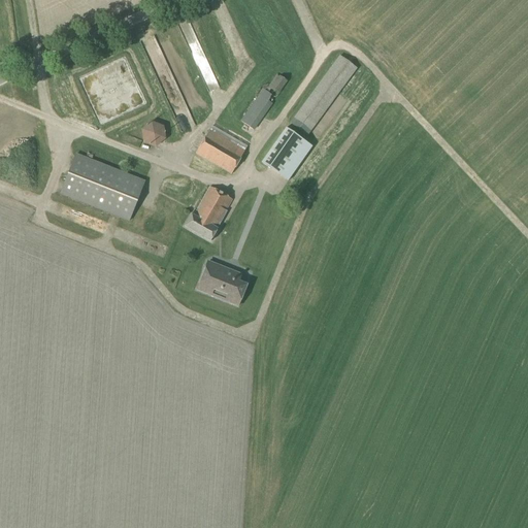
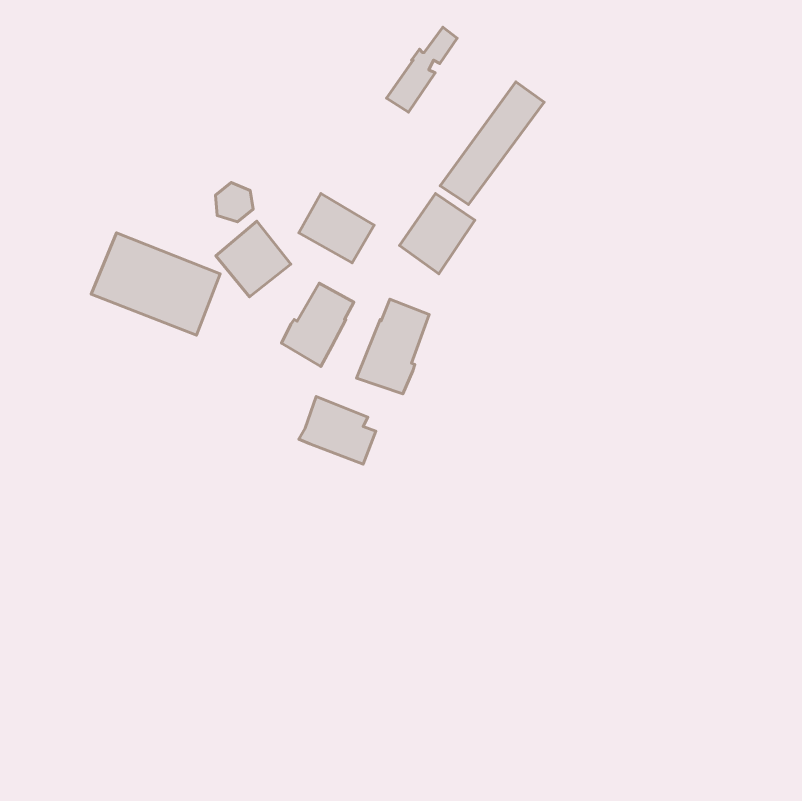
building: [241,72,288,128] -> [386,27,457,112]
building: none -> [216,221,291,297]
building: none -> [357,299,429,394]

